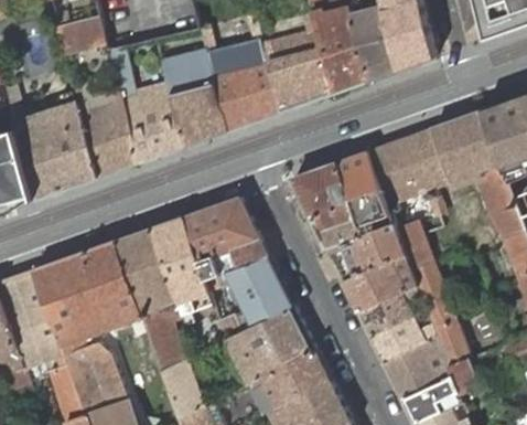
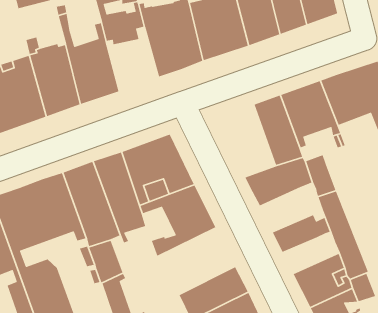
building: [166,72,227,147] -> none
building: [292,161,363,246] -> none
building: [344,258,417,310] -> none
building: [203,305,316,386] -> none
building: [370,317,437,359] -> none

